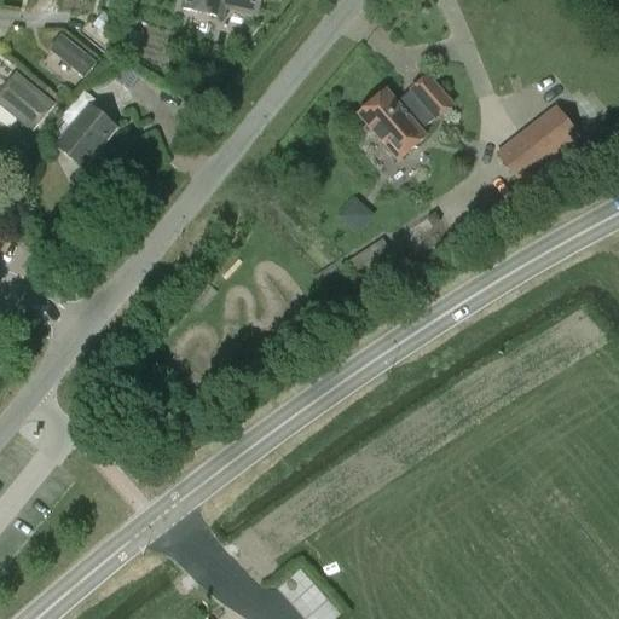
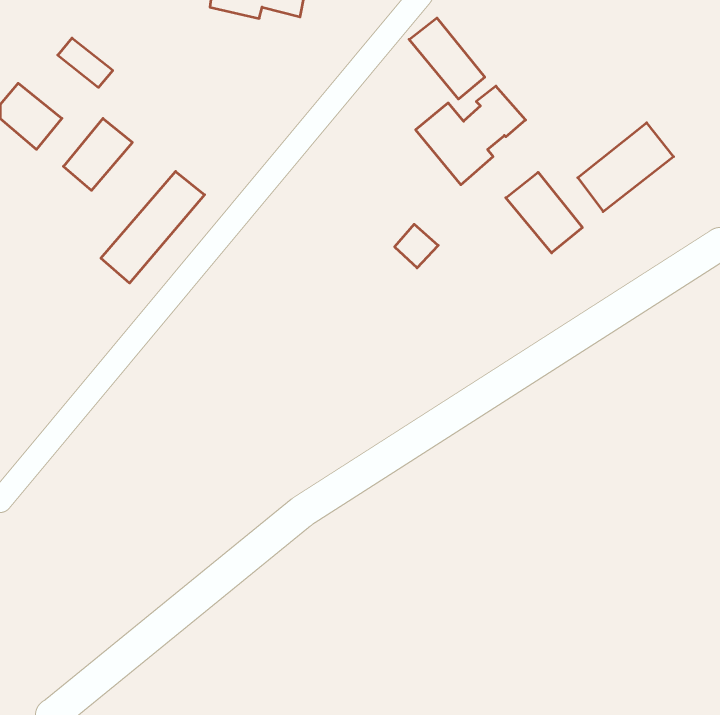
building: none -> [409,18,485,99]
building: none -> [101,171,205,283]
building: none -> [506,172,582,253]

